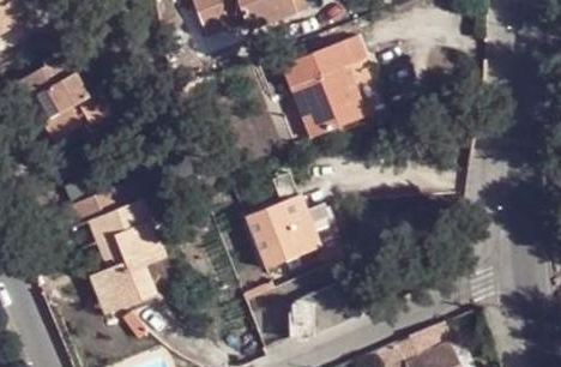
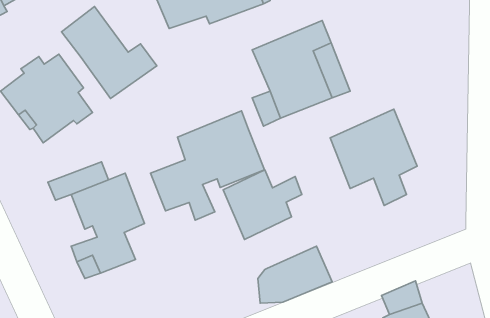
building: none -> [61,6,157,99]
building: none -> [330,109,417,206]
building: none -> [150,111,264,220]

